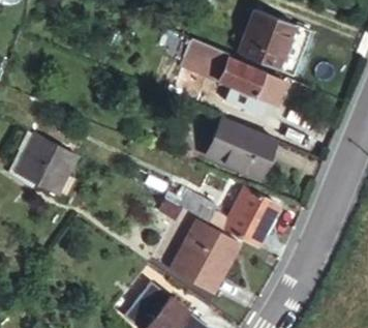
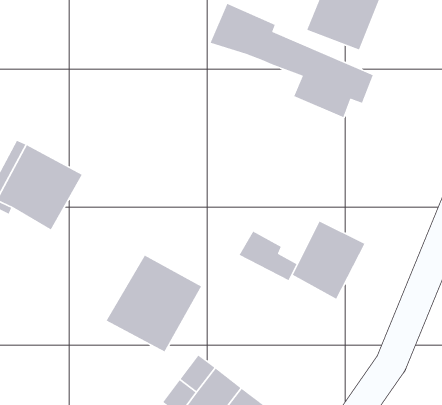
building: [203,117,269,175] -> none
building: [168,223,238,294] -> [106,254,202,352]

